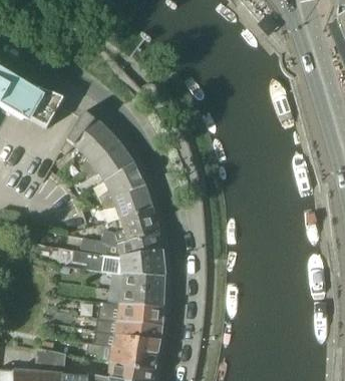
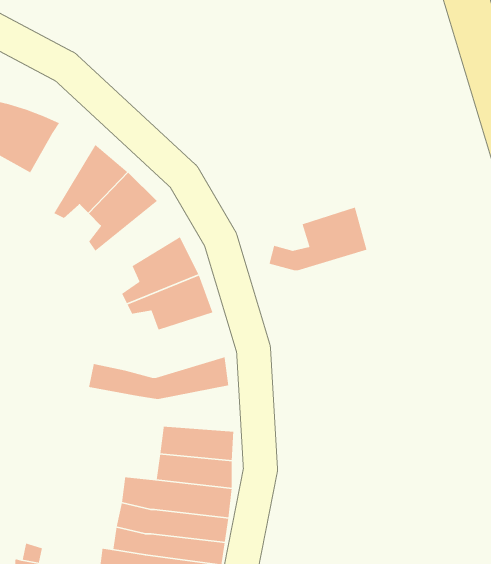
building: [84,142,133,179] -> none
building: [102,207,159,244] -> [268,207,368,271]
building: [72,249,164,275] -> none

